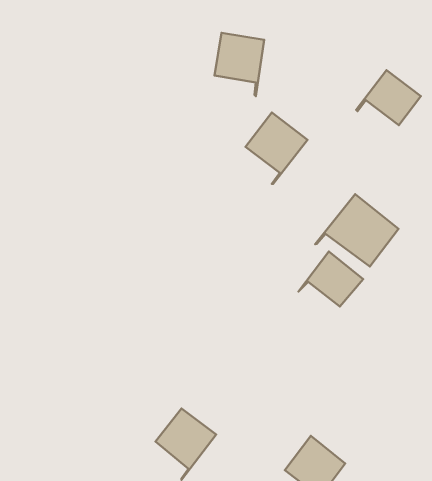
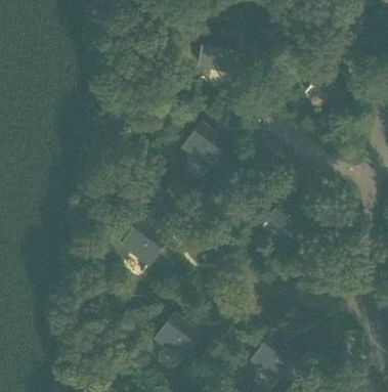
building: [246,112,307,184] -> [179,126,225,179]
building: [315,194,398,267] -> none
building: none -> [119,223,164,276]

